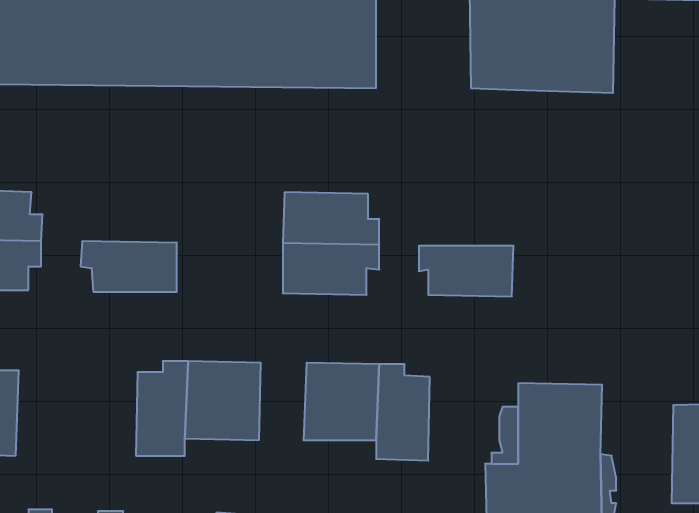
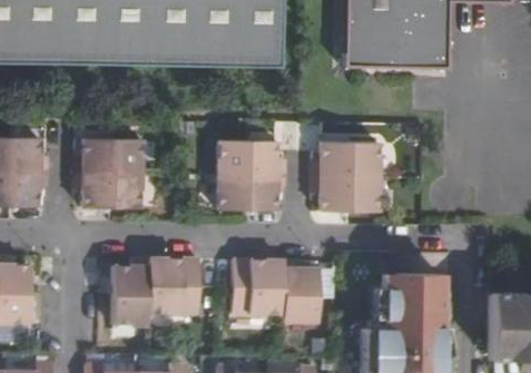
building: none -> [76,138,144,175]
building: none -> [313,140,381,177]

